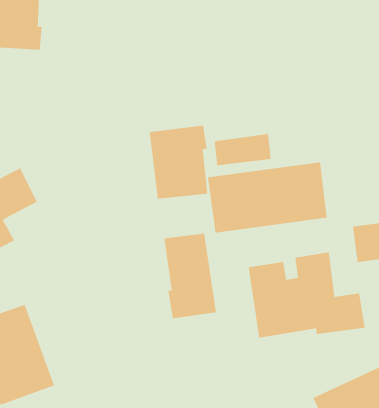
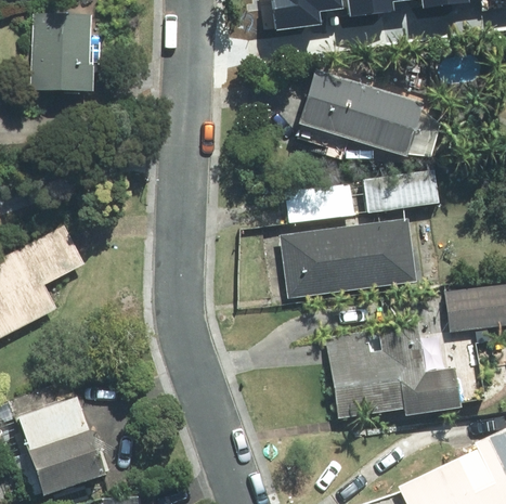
building: none -> [295,67,420,155]
building: none -> [364,169,440,210]
building: [149,125,208,199] -> none
building: [164,233,216,319] -> none

